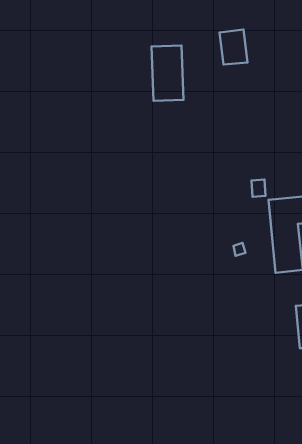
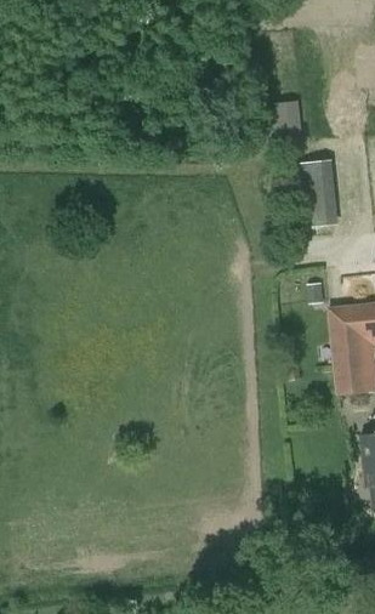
building: [151,46,184,101] -> [300,158,339,224]

